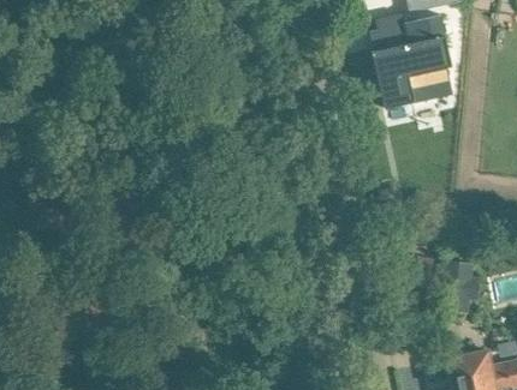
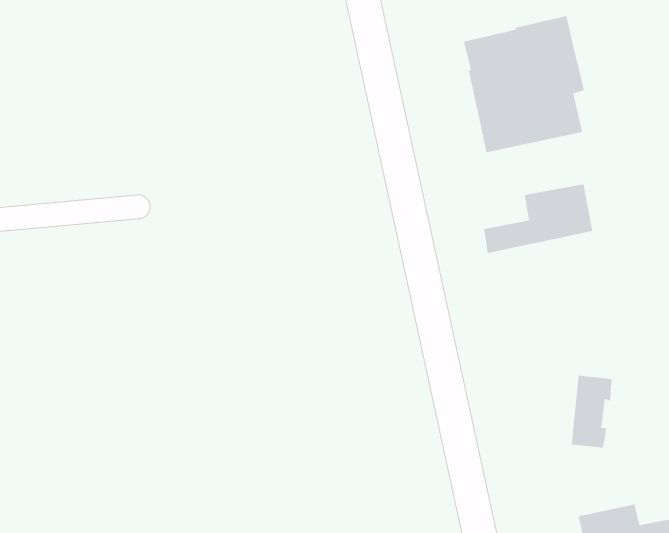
building: none -> [484,183,593,254]

